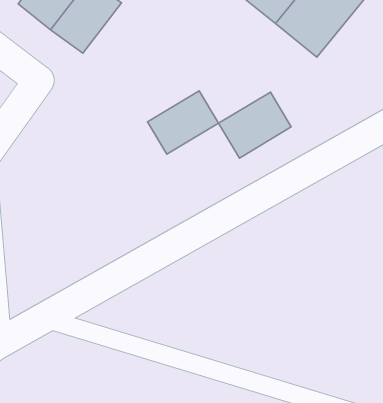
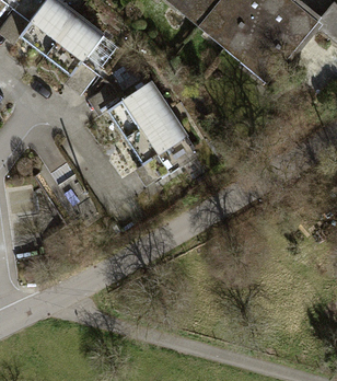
building: [219,92,291,158] -> [108,81,170,137]

